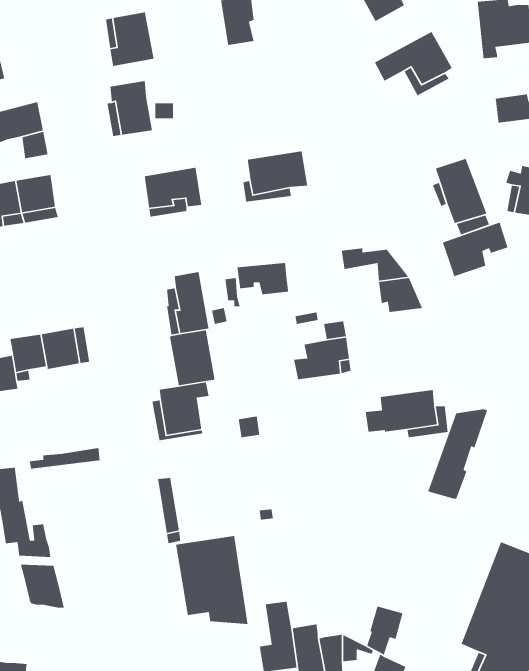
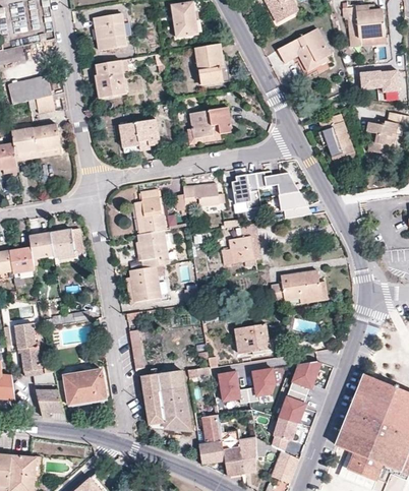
building: none -> [195,44,230,85]
building: [442,221,508,277] -> none
building: none -> [231,176,259,207]
building: [427,408,488,499] -> [279,361,320,423]
building: none -> [235,324,270,354]
building: none -> [219,367,275,403]
building: none -> [56,368,107,406]

